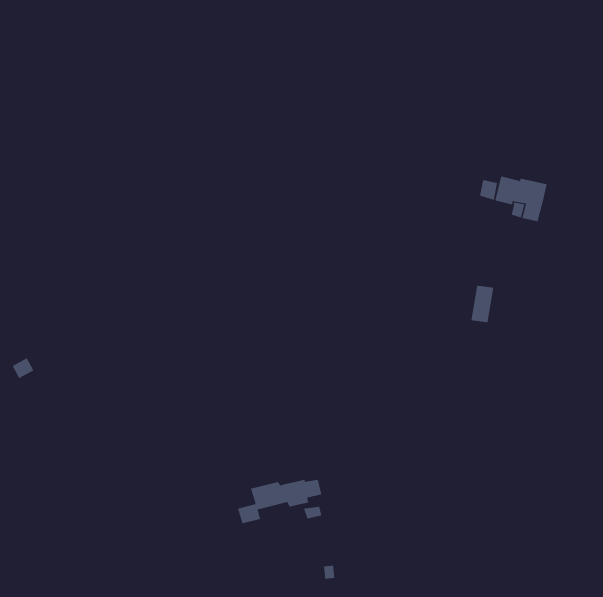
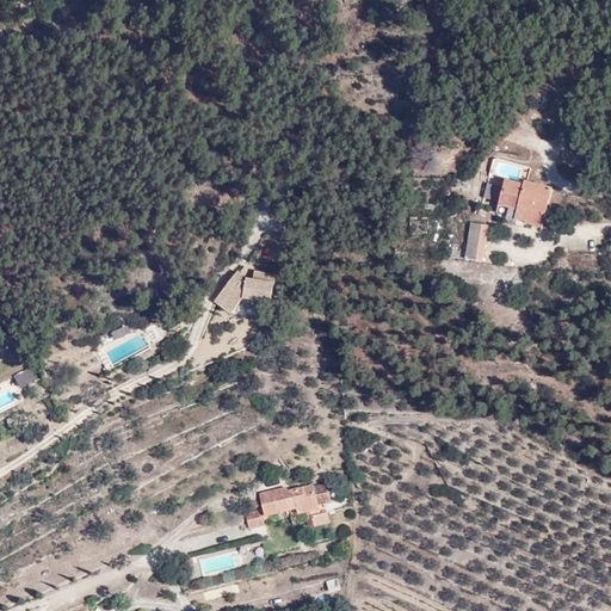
building: none -> [212,271,272,313]
building: [471,285,494,323] -> [465,222,489,260]

